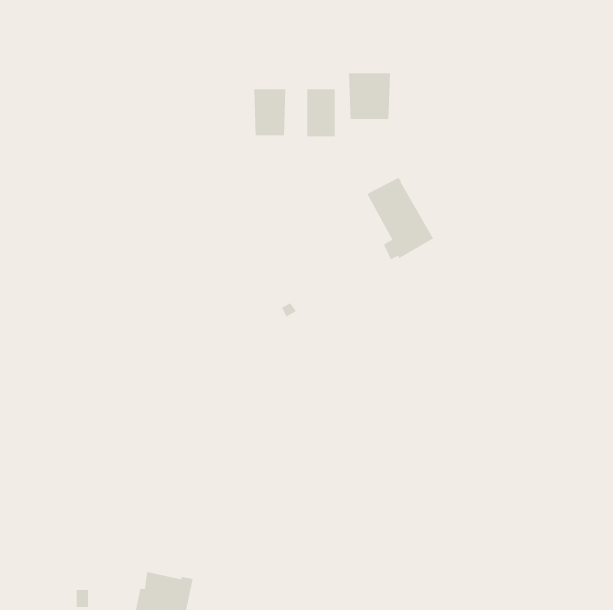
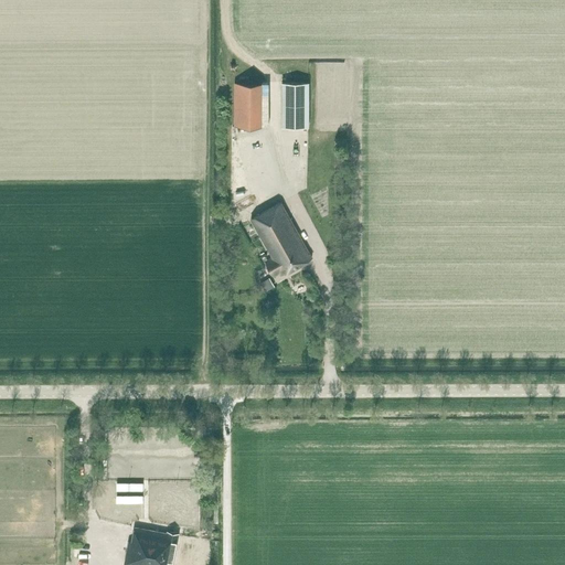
building: [349,73,391,120] -> none
building: [366,177,434,260] -> [250,204,312,280]

